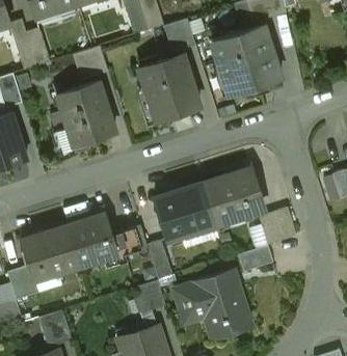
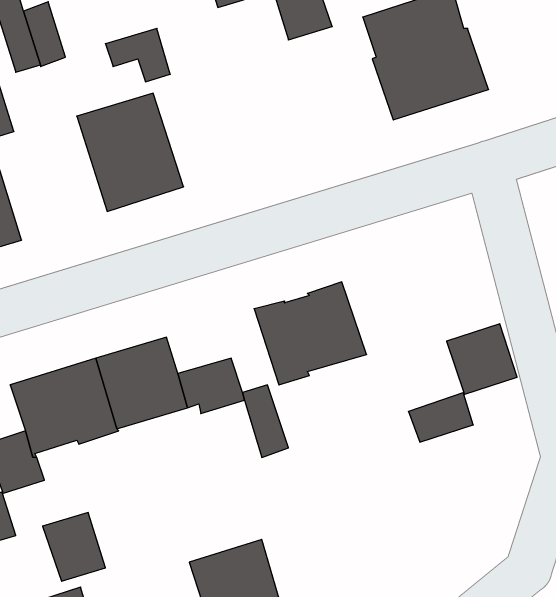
building: [138,54,198,117] -> none
building: [201,168,262,225] -> none
building: [174,268,251,339] -> none
building: [137,279,165,311] -> none

